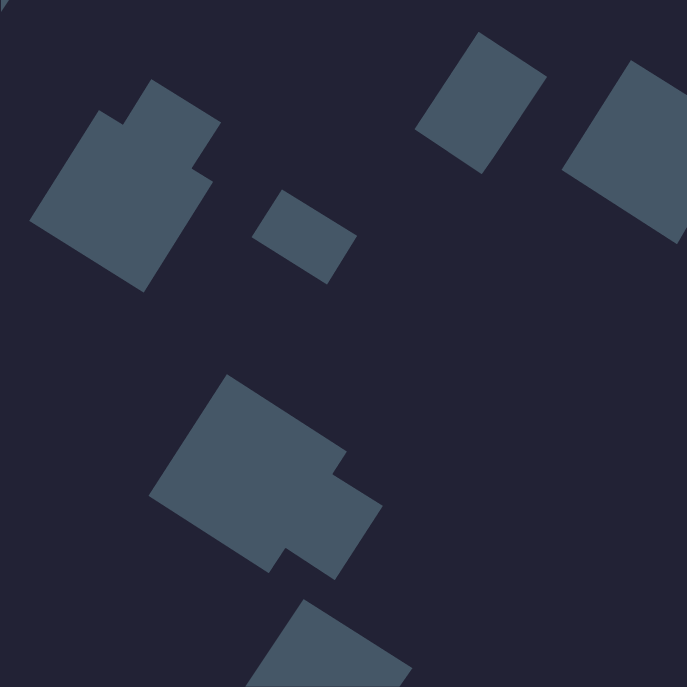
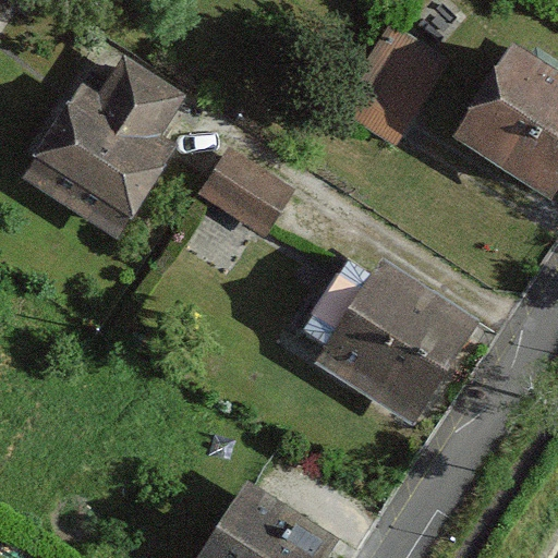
building: none -> [308,260,480,423]
building: [148,373,384,581] -> none

